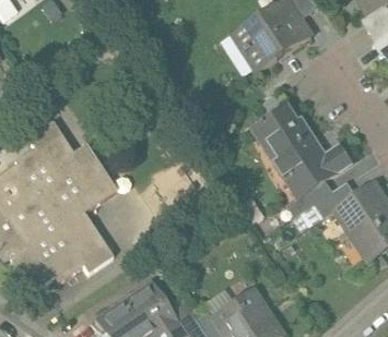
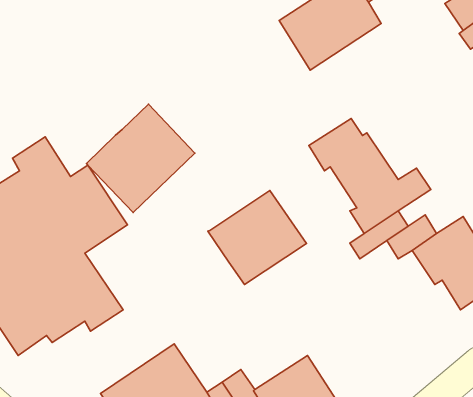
building: none -> [87,104,195,212]
building: none -> [208,190,306,284]

